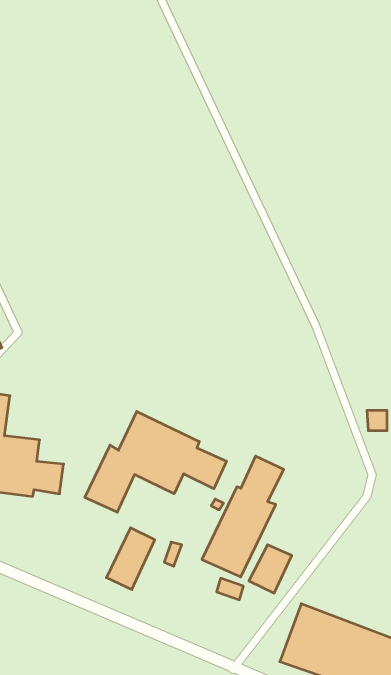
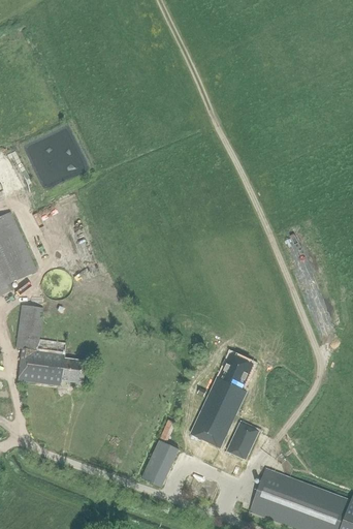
building: [85,411,226,512] -> none
building: [106,528,155,590] -> [141,438,179,486]

